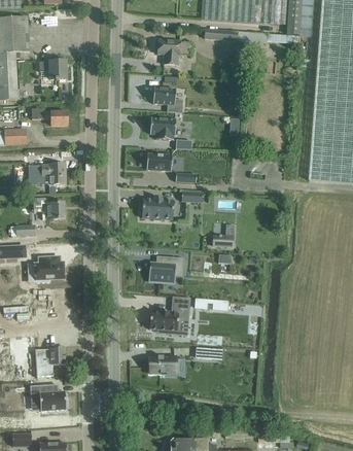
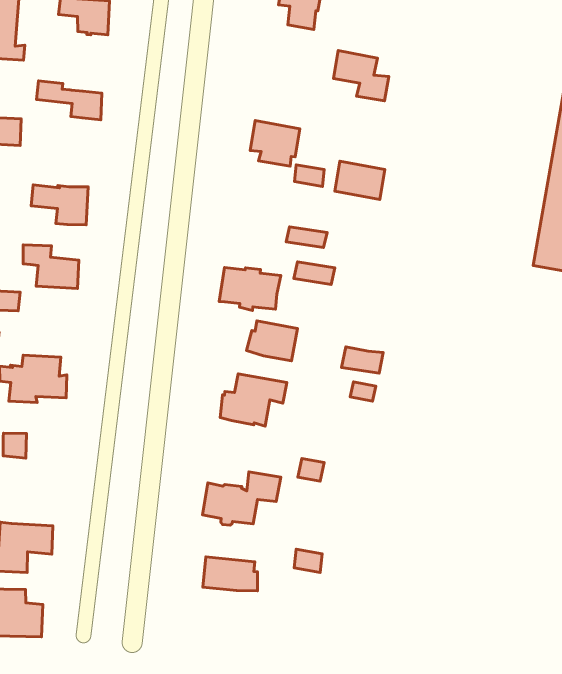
building: [153,88,183,112] -> [334,50,389,101]
building: [146,152,172,171] -> [335,161,385,199]
building: none -> [247,321,297,361]

